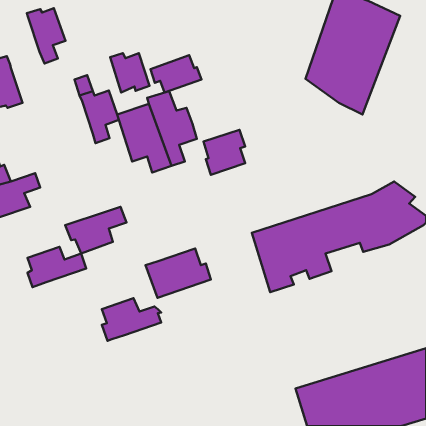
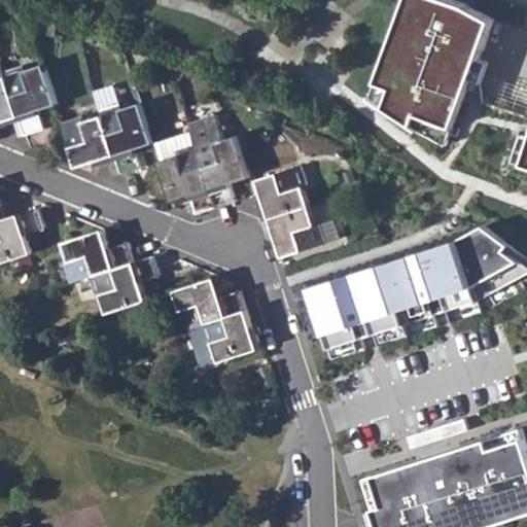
building: [27,8,65,63] -> [12,73,60,141]
building: [110,53,150,92] -> [66,125,114,173]
building: [150,55,202,93] -> none
building: none -> [259,201,332,252]
building: [28,247,86,287] -> [58,234,130,283]
building: [102,298,161,341] -> [167,276,240,328]

